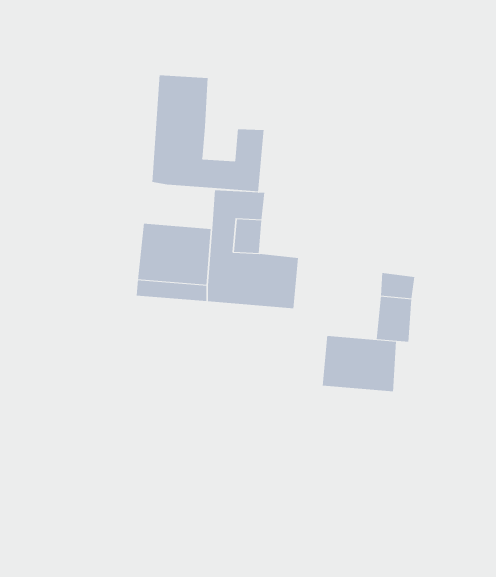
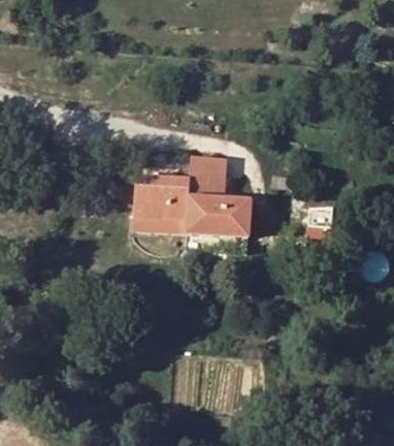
building: [152,75,264,192] -> none
building: [322,335,397,392] -> none

